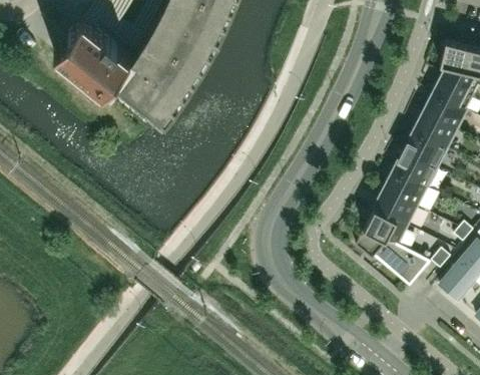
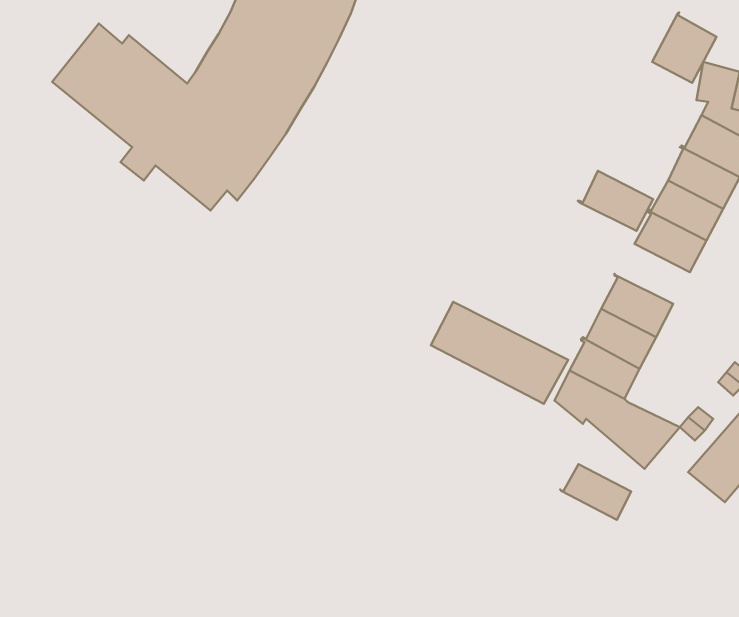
building: none -> [652,13,716,83]
building: [392,148,437,184] -> [578,171,653,231]
building: none -> [431,302,568,404]
building: none -> [560,464,631,520]

